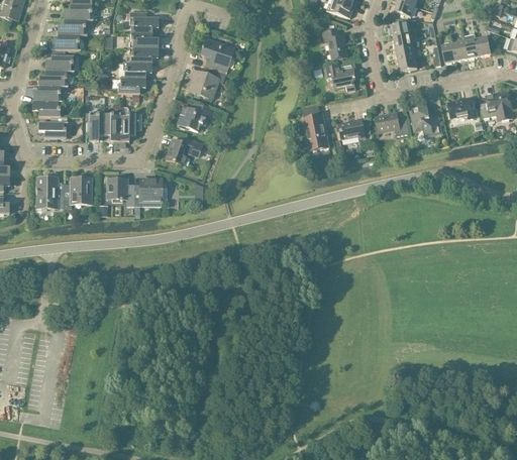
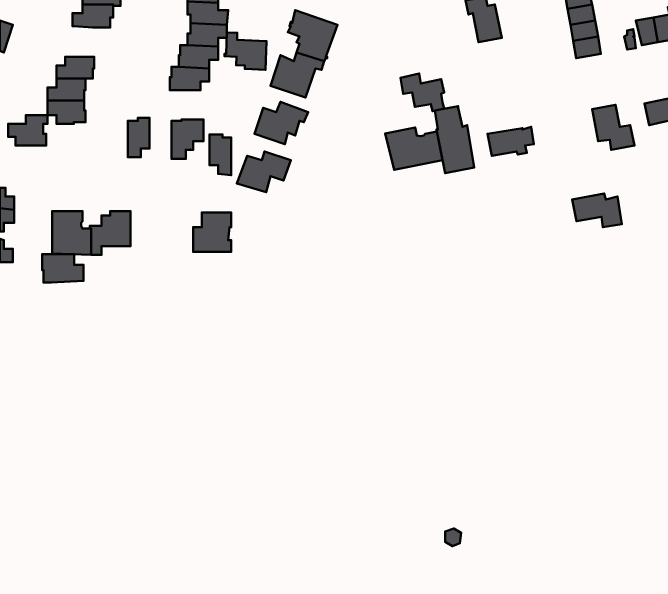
building: [45,48,72,71] -> none
building: none -> [225,32,267,70]
building: [325,64,355,90] -> [400,73,444,111]
building: [104,112,119,140] -> [209,135,231,175]
building: [375,112,409,135] -> [572,194,622,227]
building: [39,115,67,136] -> [8,115,48,146]
building: none -> [385,127,443,170]
building: [107,178,134,205] -> none
building: none -> [42,254,83,283]

